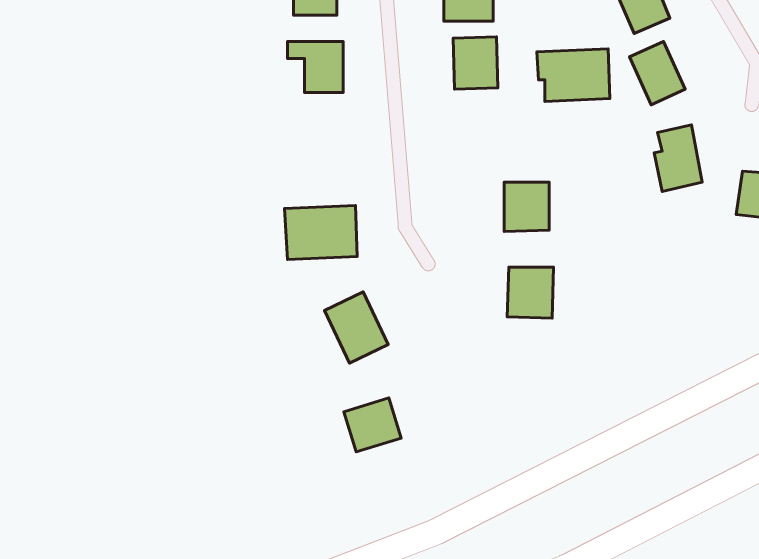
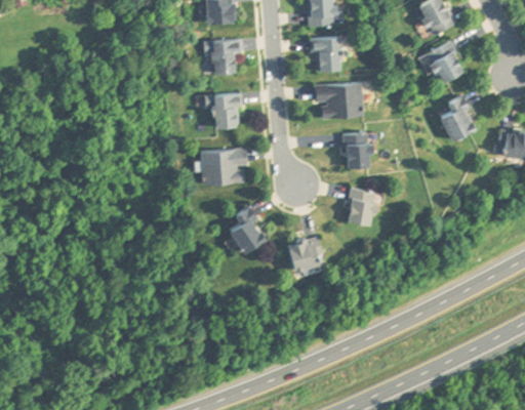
building: [537,49,610,101] -> [314,83,362,118]
building: none -> [213,93,241,127]
building: [344,398,401,452] -> [285,236,323,272]

